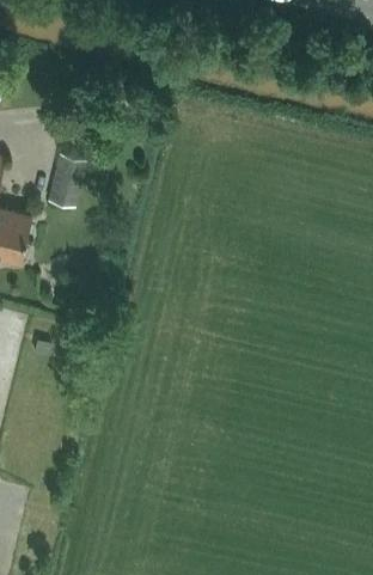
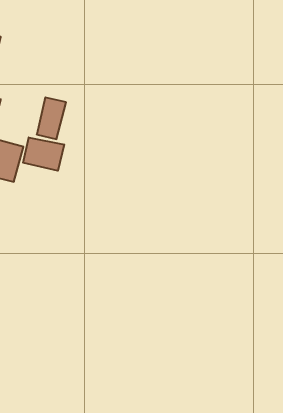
building: none -> [23,137,64,171]

